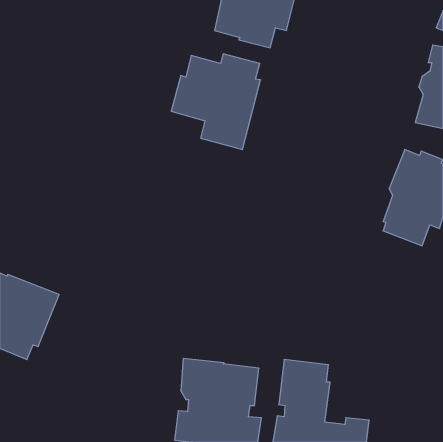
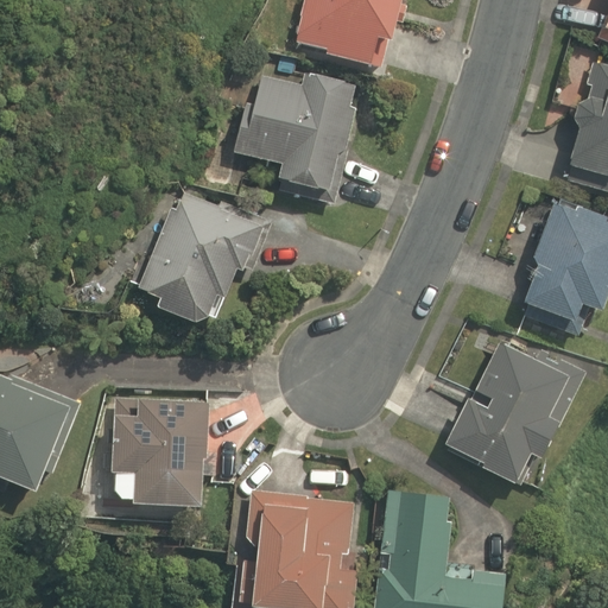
building: none -> [137,192,271,323]
building: none -> [445,342,585,484]
building: none -> [114,401,209,508]

